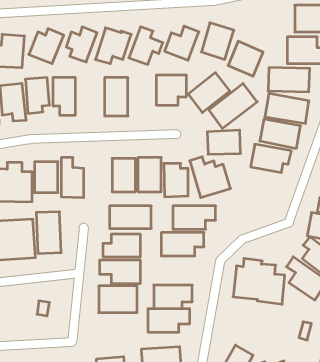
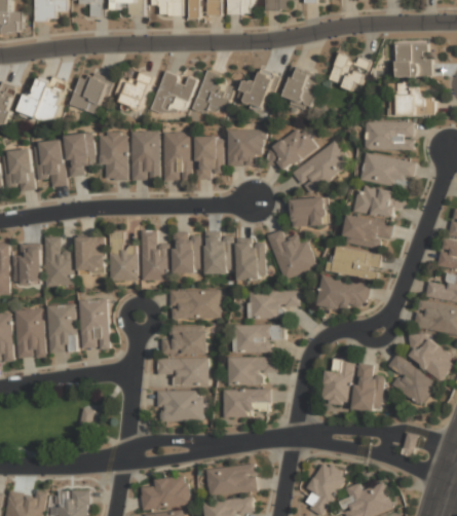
building: [228,41,263,76] -> [327,50,370,94]
building: none -> [130,132,159,180]
building: none -> [194,137,222,180]
building: none -> [140,230,169,280]
building: none -> [332,248,381,281]
building: none -> [316,277,370,312]
building: [148,309,190,332] -> [226,357,277,385]

